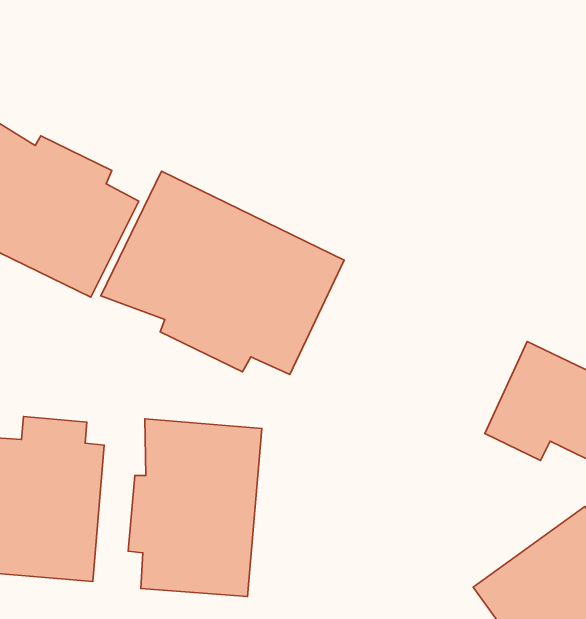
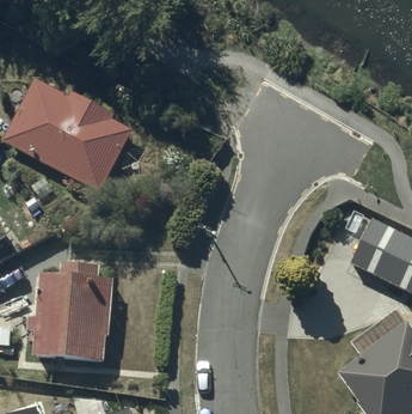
building: [101,171,344,374] -> none
building: [128,419,262,596] -> none

